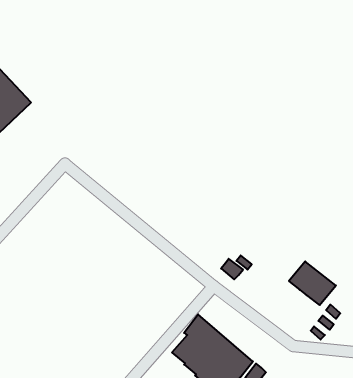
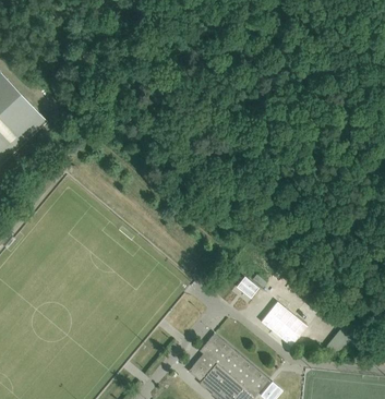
building: [289,261,336,305] -> [260,301,306,344]

